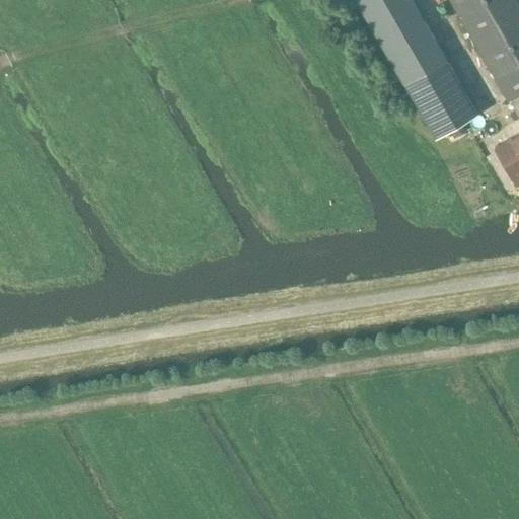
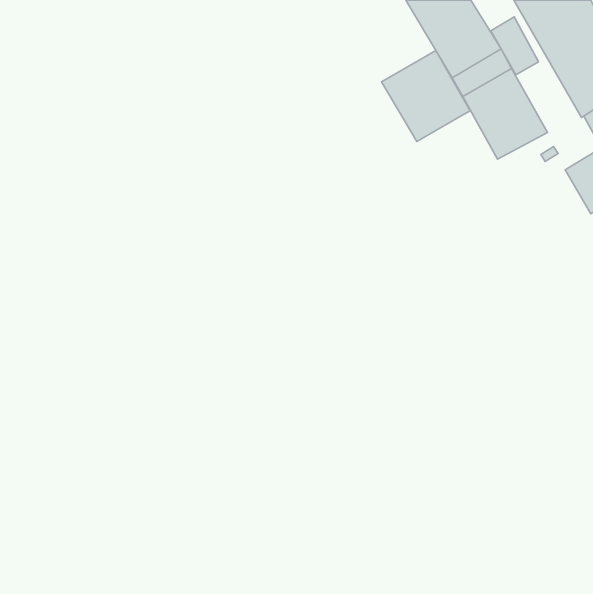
building: none -> [491,17,538,75]
building: none -> [381,51,470,142]

